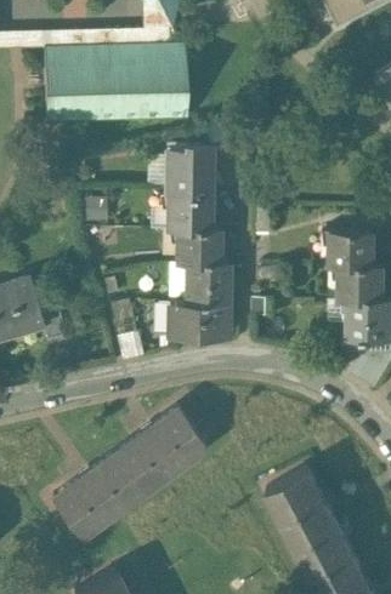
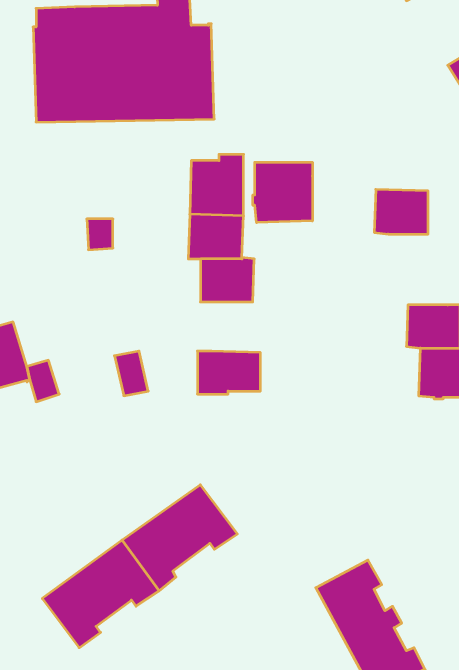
building: none -> [253,162,312,223]
building: [330,233,373,268] -> [374,189,428,234]
building: [186,265,228,305] -> none

